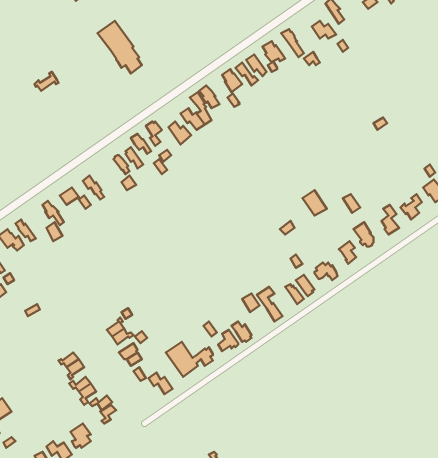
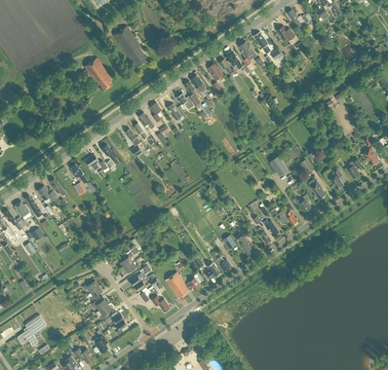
building: none -> [84,58,112,89]

